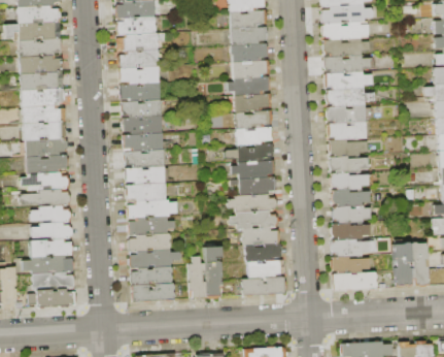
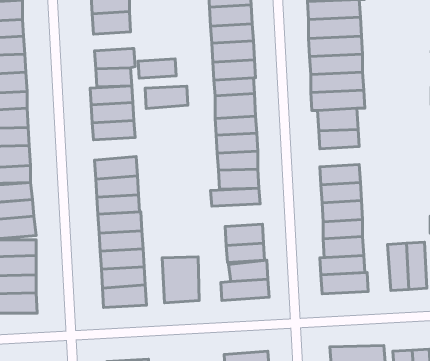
building: [124,52,159,69] -> [138,59,176,78]
building: [124,149,163,169] -> [145,86,188,109]
building: [331,157,367,175] -> none
building: [229,212,276,231] -> none

